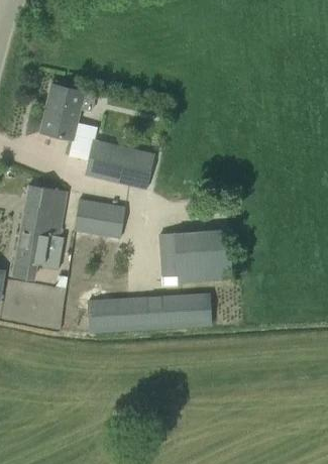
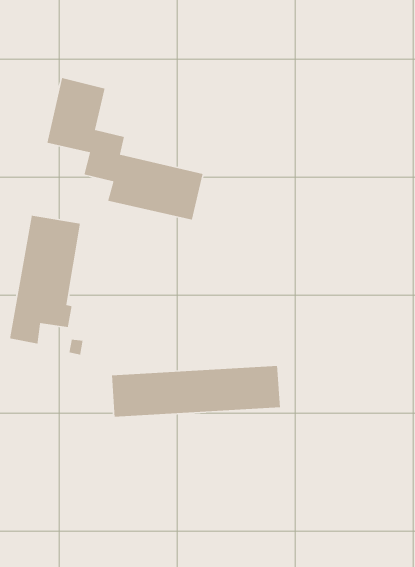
building: [75,200,125,239] -> none
building: [159,231,229,284] -> none

